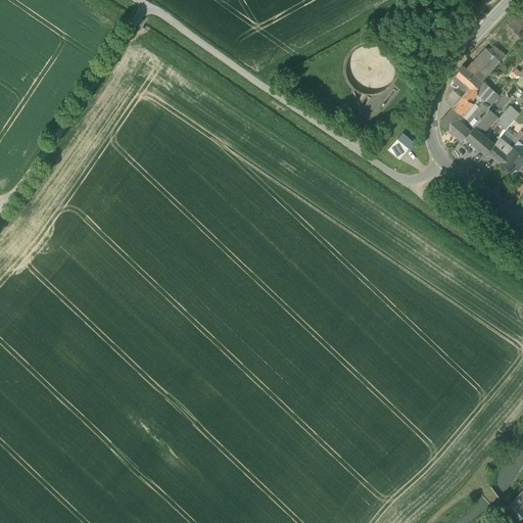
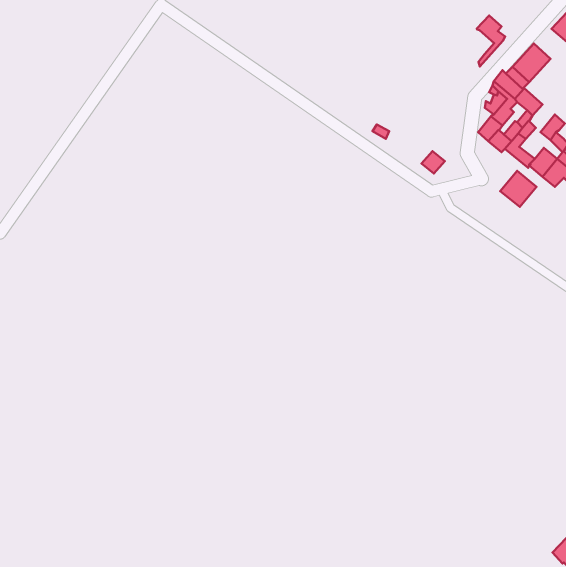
building: none -> [477,15,505,66]
building: none -> [500,171,537,207]

